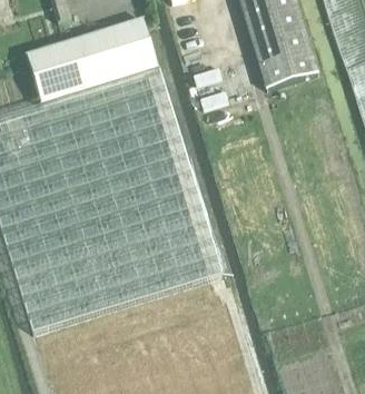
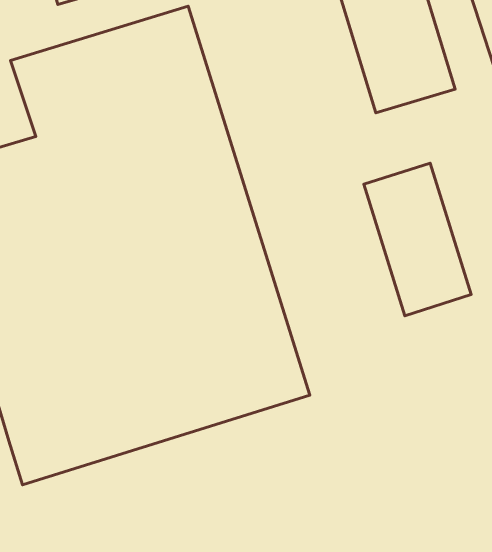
building: none -> [364,163,471,316]

